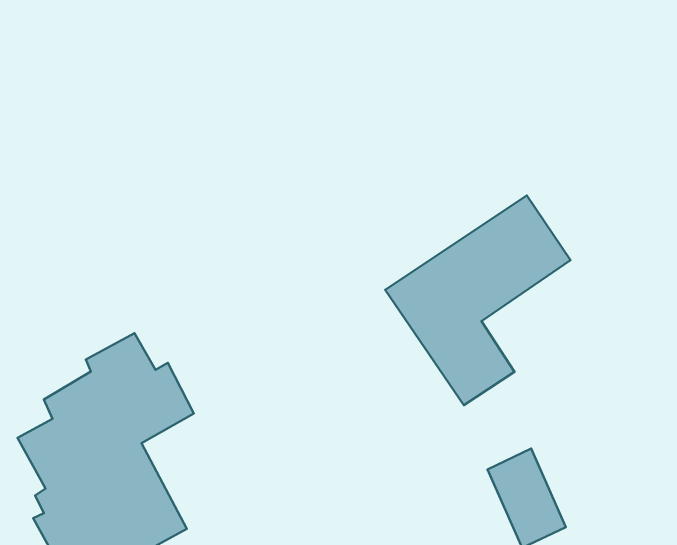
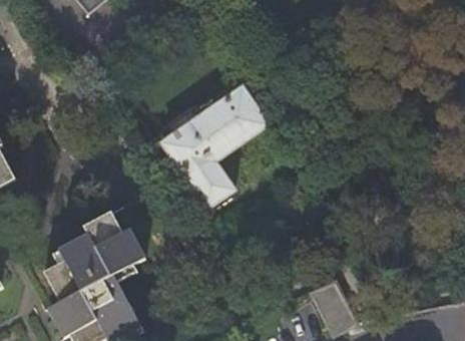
building: [385,195,570,405] -> [159,85,266,206]

